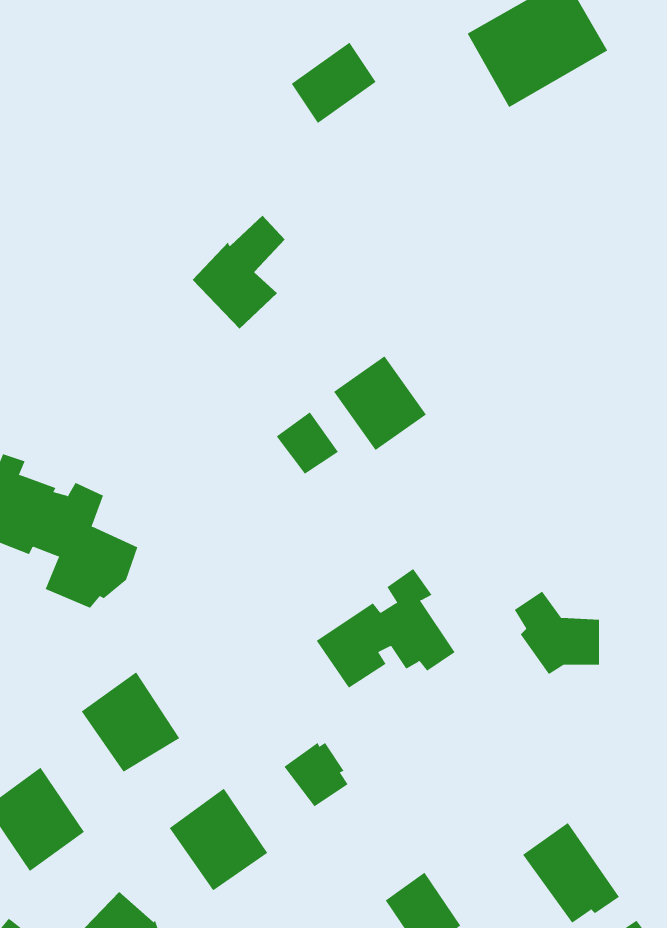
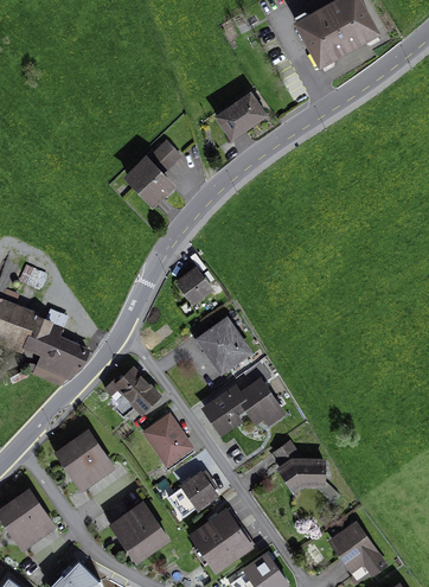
building: [291,42,377,124] -> [213,96,267,147]
building: [333,355,427,451] -> [194,315,252,375]
building: none -> [102,366,161,416]
building: [514,591,600,675] -> [271,441,325,493]
building: none -> [141,413,194,468]
building: none -> [187,508,254,574]

